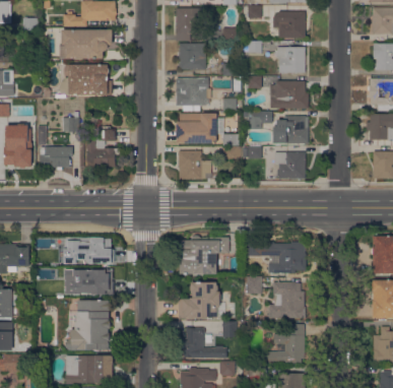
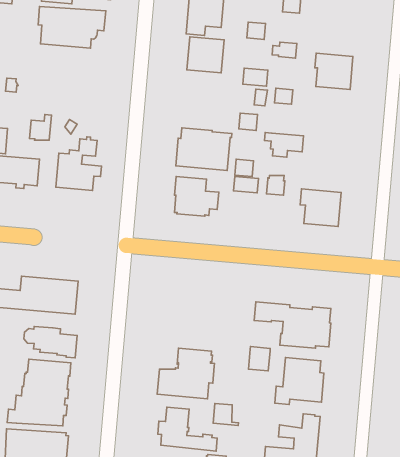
building: [272,11,305,39] -> none
building: [60,65,112,96] -> none
building: [176,78,208,112] -> none
building: [269,81,308,109] -> none
building: [272,116,308,144] -> none
building: [179,237,228,274] -> none

